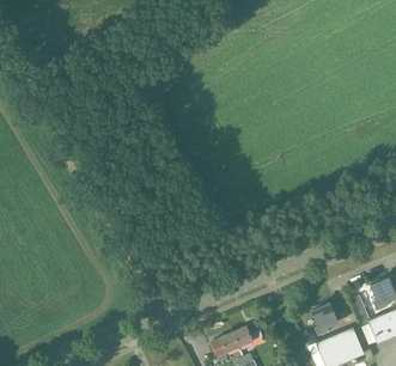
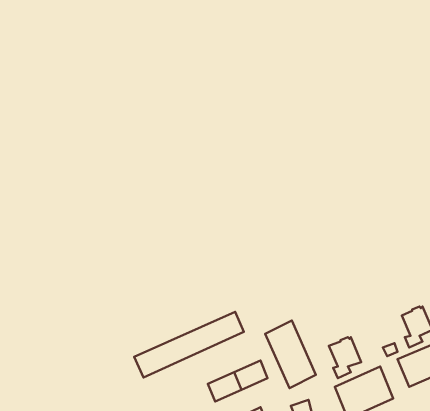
building: none -> [134,312,244,377]
building: none -> [265,320,316,388]

